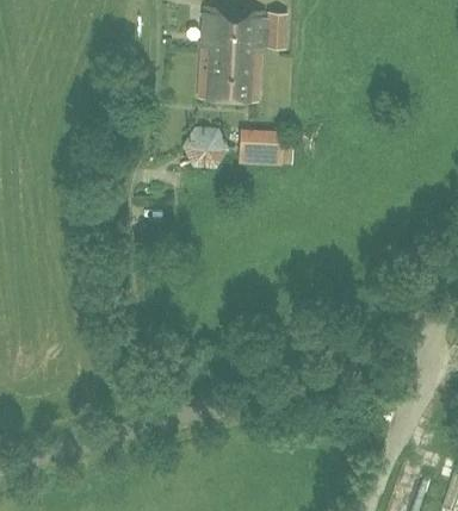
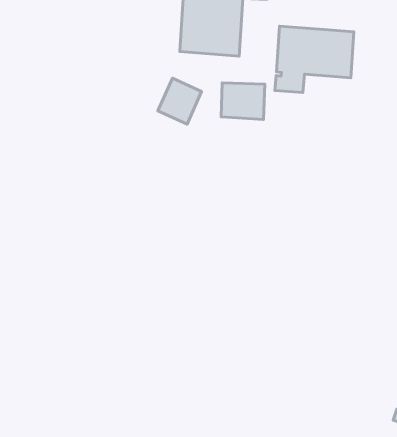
building: none -> [275,26,354,93]

